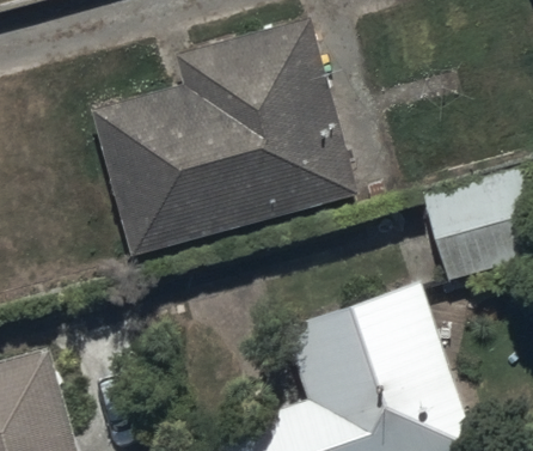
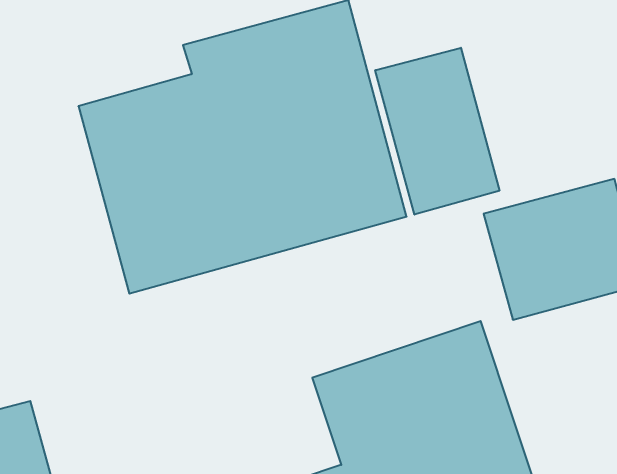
building: none -> [375,48,499,215]

